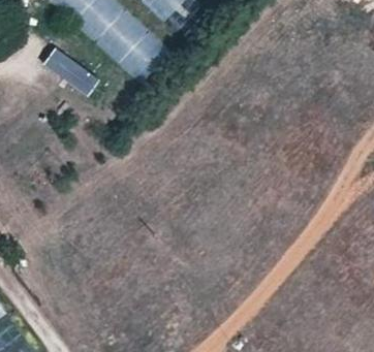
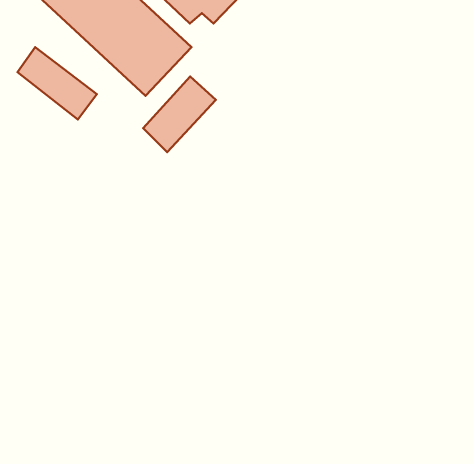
building: none -> [143,76,216,152]

